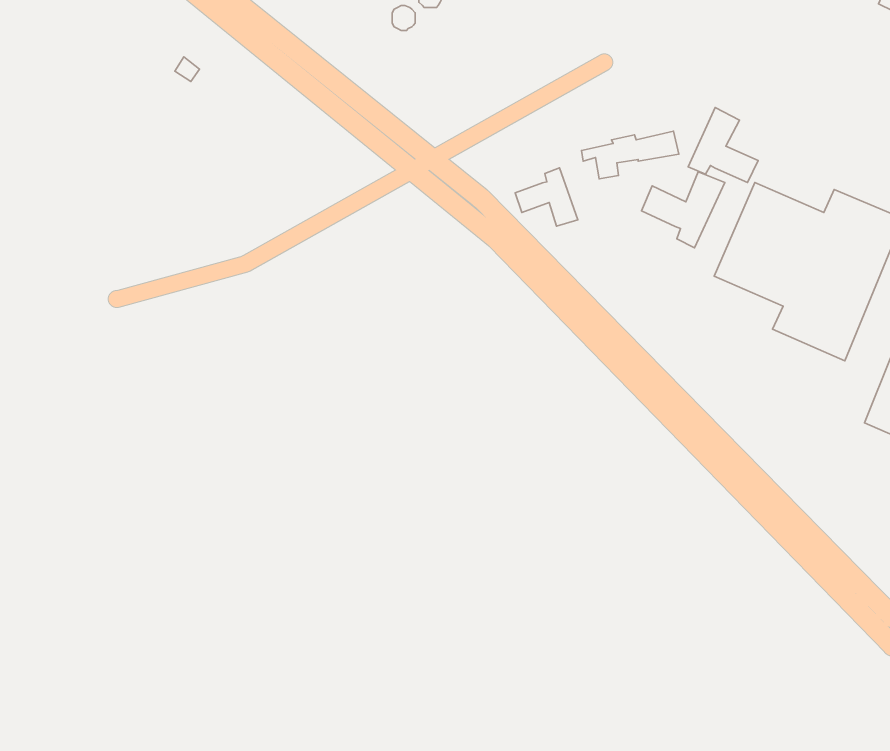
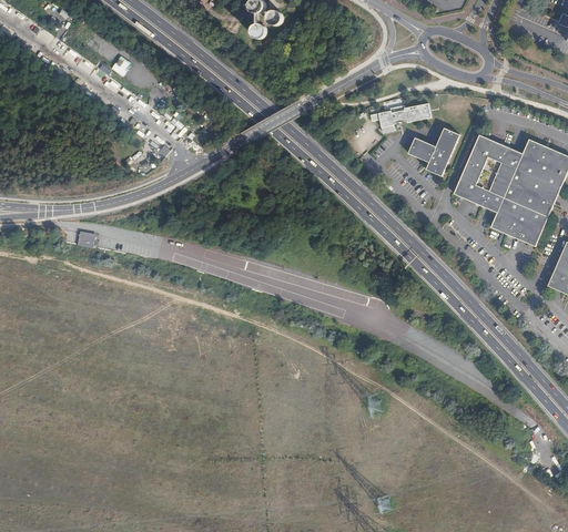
building: [688,108,758,182] -> none
building: [515,168,578,226] -> none

